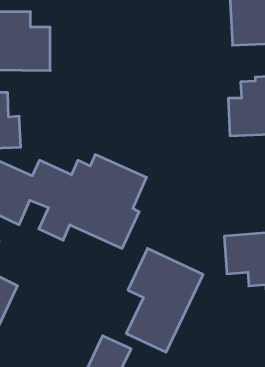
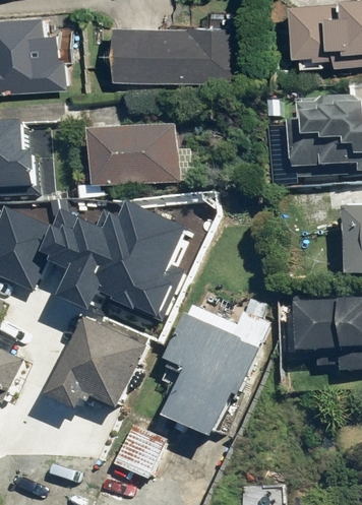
building: none -> [114,22,245,83]
building: none -> [83,119,186,182]
building: none -> [46,315,148,414]

